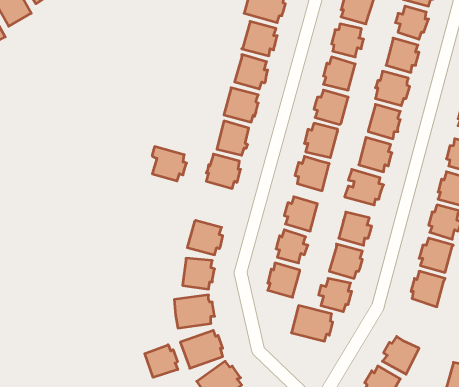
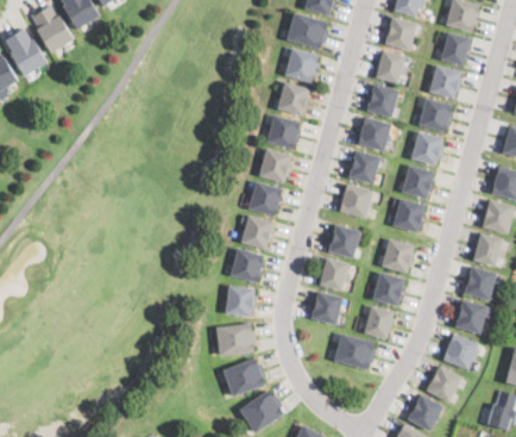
building: [152,147,187,181] -> [240,214,275,249]
building: none -> [443,332,479,370]
building: [145,345,178,377] -> none

